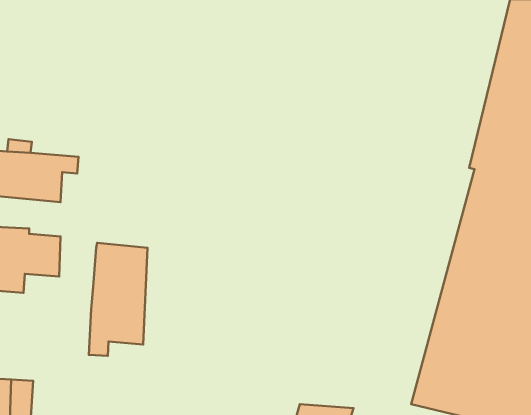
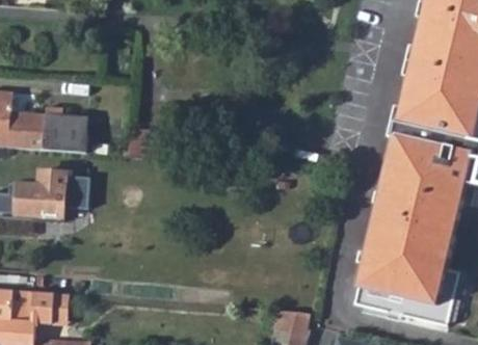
building: [89,243,148,356] -> none

